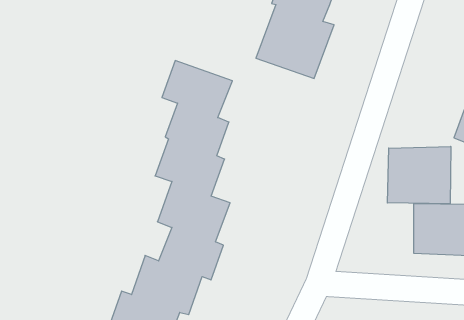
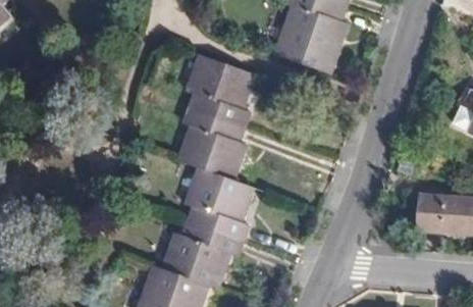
building: [387,146,451,204] -> none

